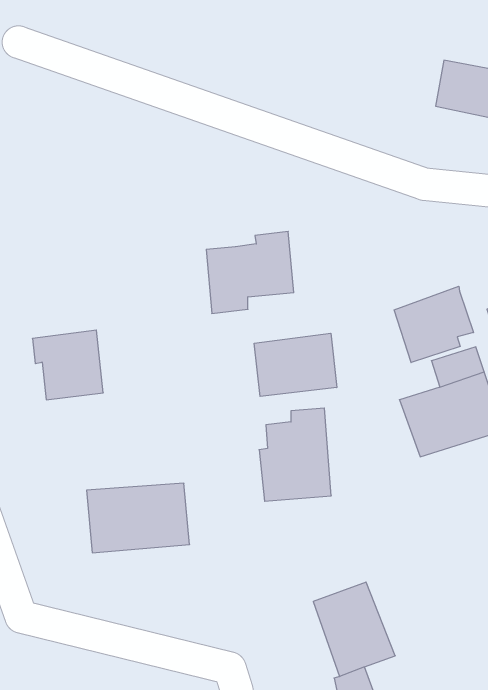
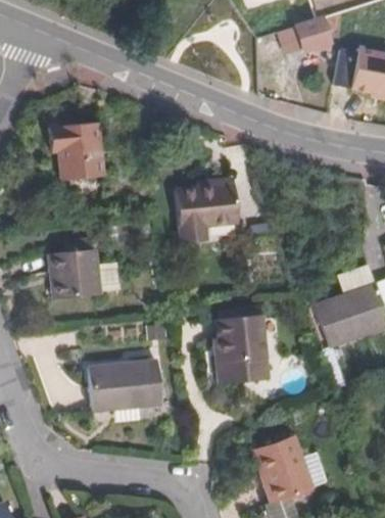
building: none -> [275,16,327,56]
building: none -> [48,124,102,183]
building: [394,286,473,363] -> none
building: [254,333,337,396] -> none

